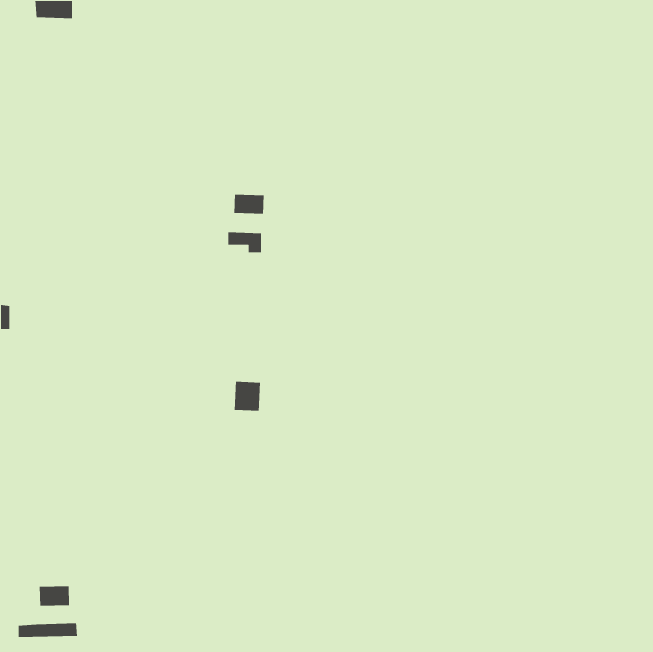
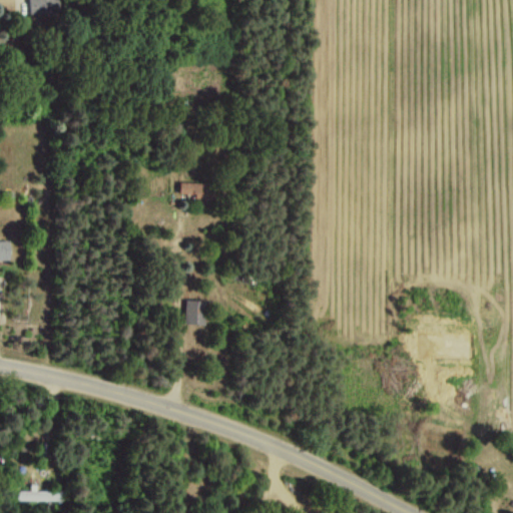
building: [233,194,264,215] -> none
building: [39,586,70,606] -> none

